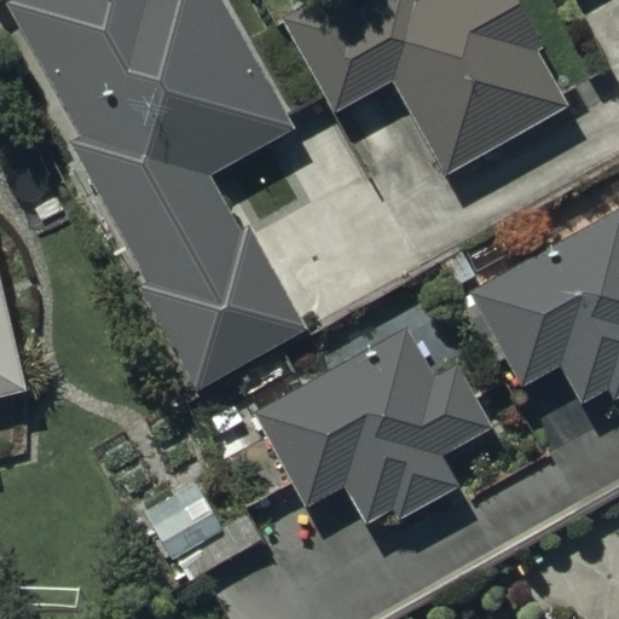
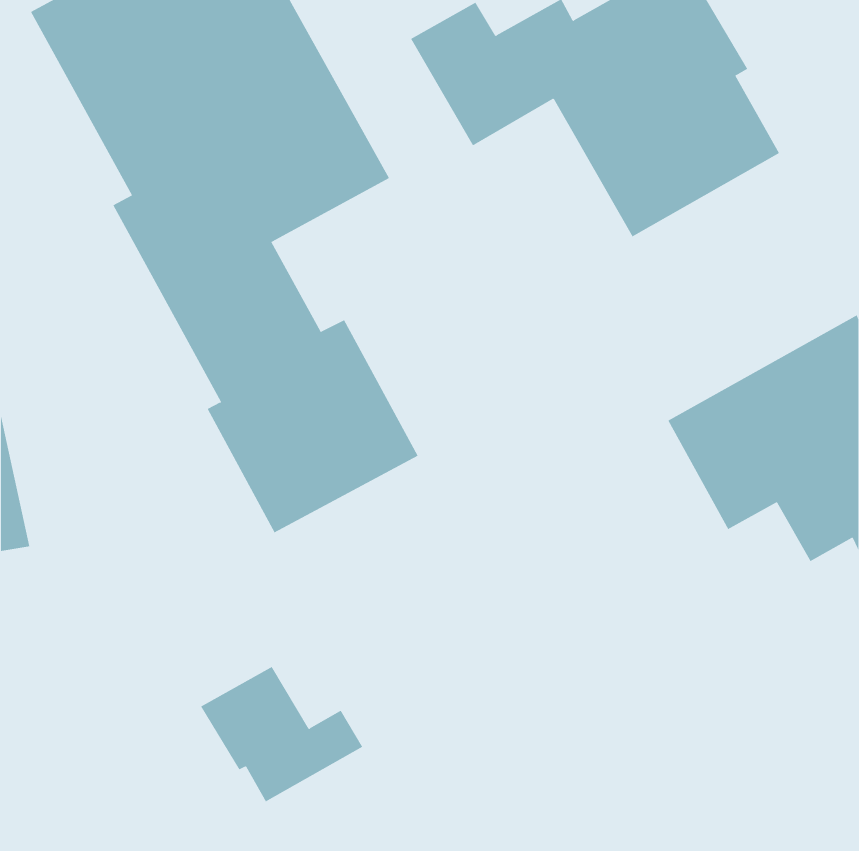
building: [264,342,480,520] -> none

